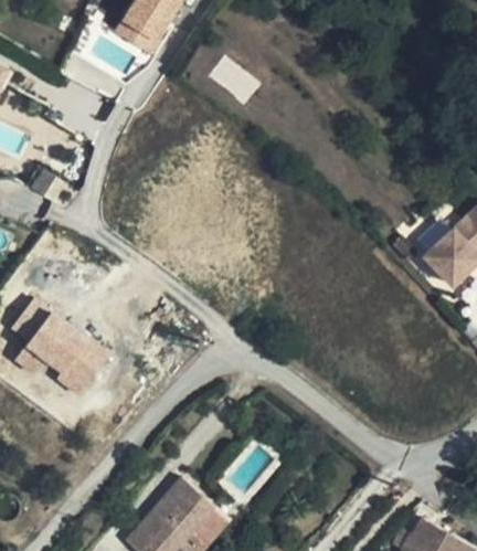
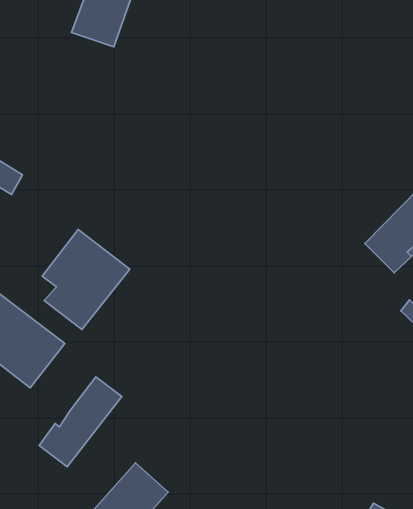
building: none -> [42,229,130,330]
building: none -> [39,377,122,467]

